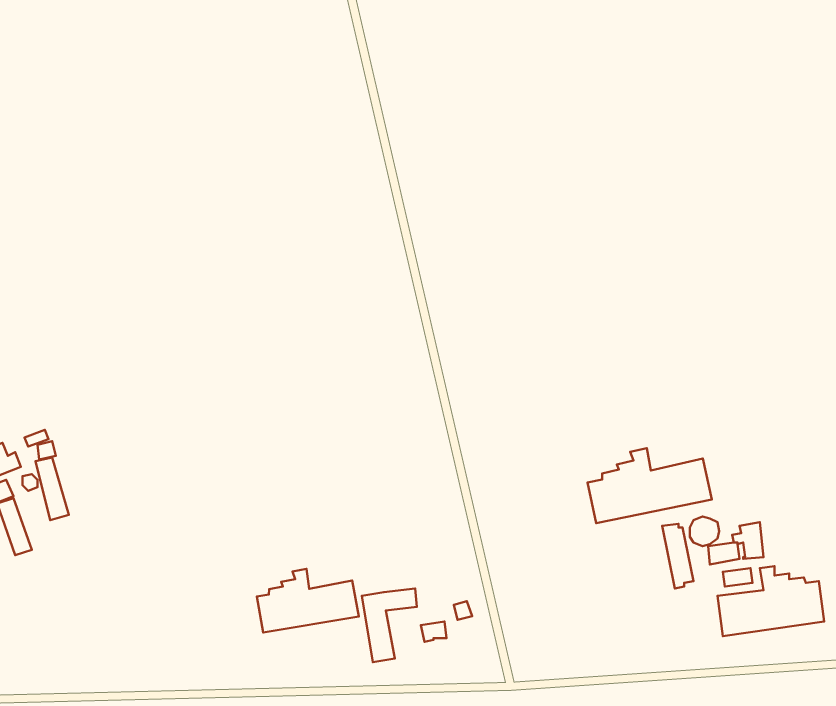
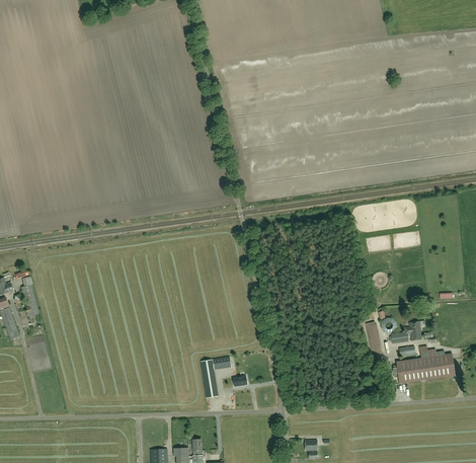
building: [587,448,712,523] -> none
building: [257,569,359,632] -> none

